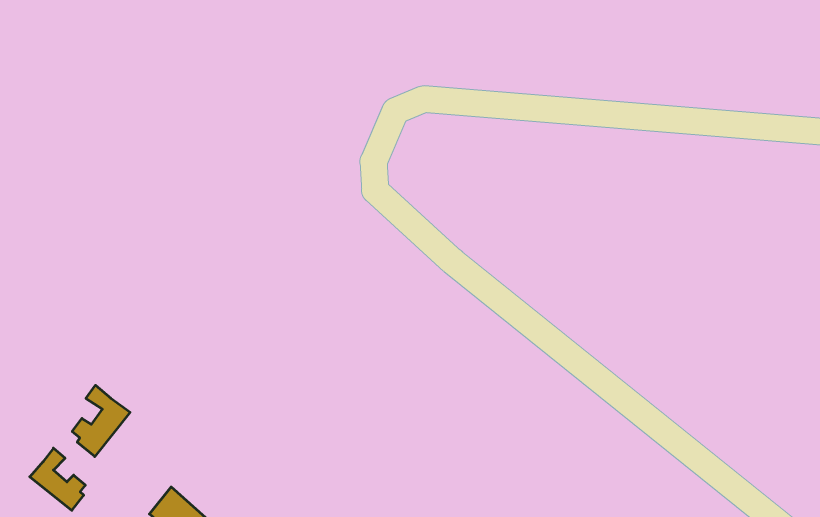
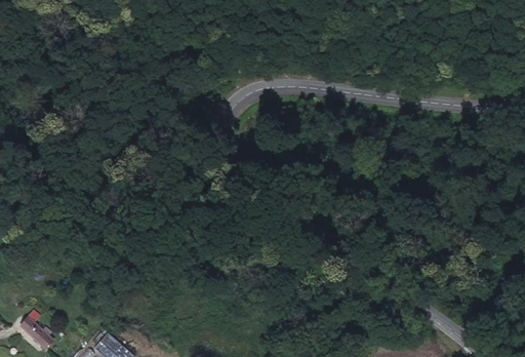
building: [72,385,130,457] -> none

